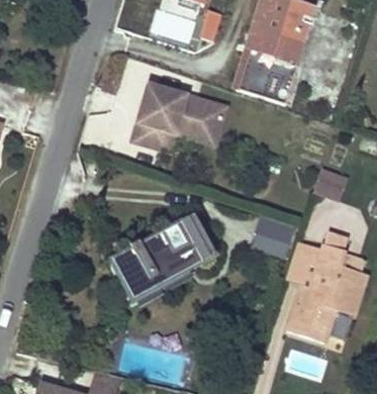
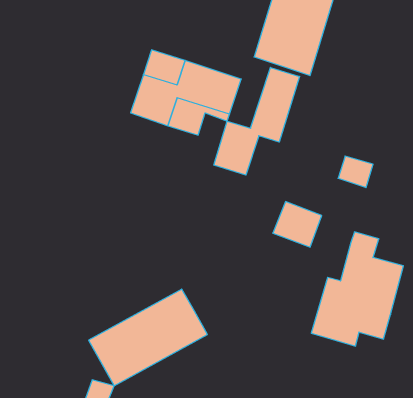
building: none -> [214,67,300,175]
building: [110,215,213,299] -> [89,289,207,386]
building: [284,242,320,285] -> none

